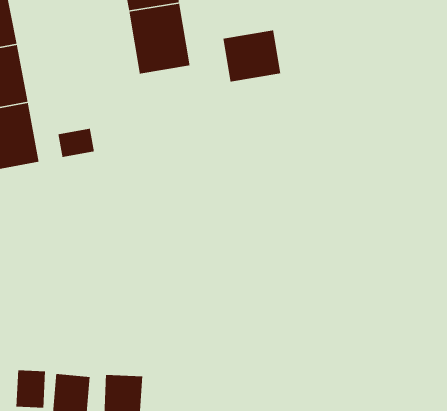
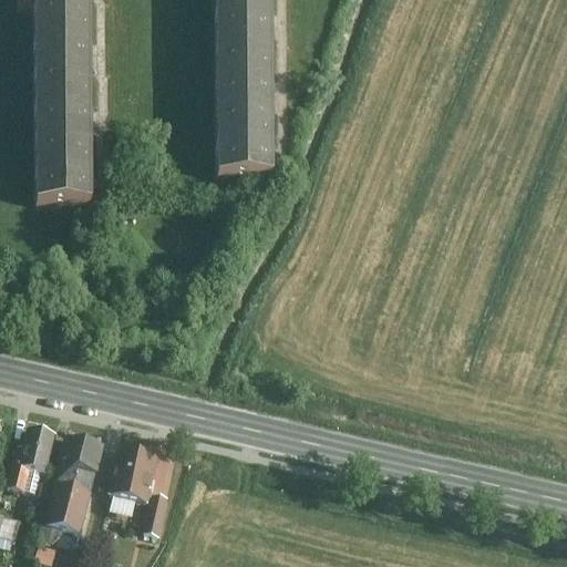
building: [223,30,281,83] -> [216,124,274,174]
building: [58,128,95,158] -> none

